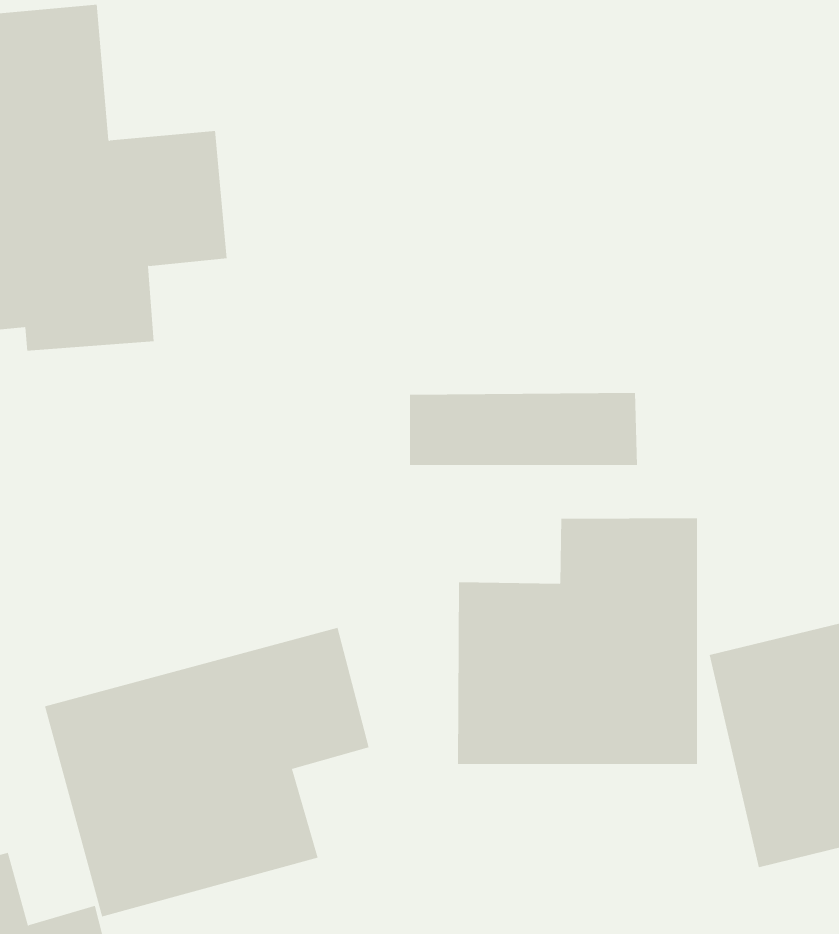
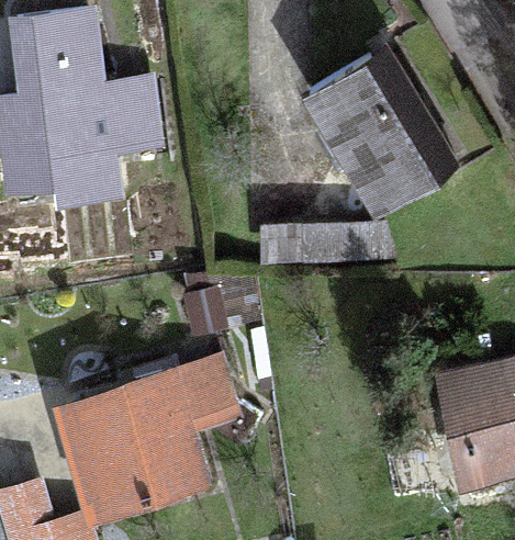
building: none -> [303,43,460,218]
building: [457,517,697,765] -> none

